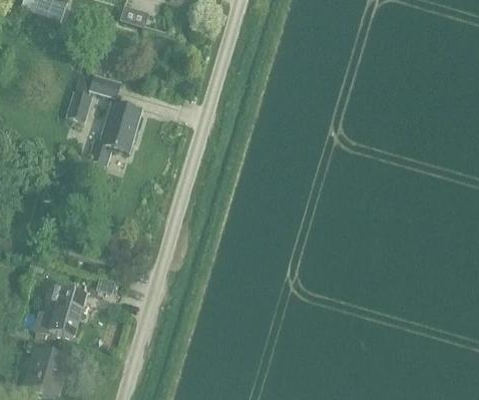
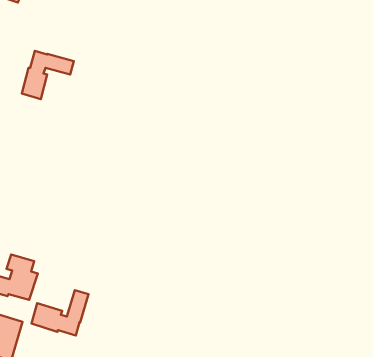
building: [91,103,140,164] -> none
building: none -> [31,290,89,335]

